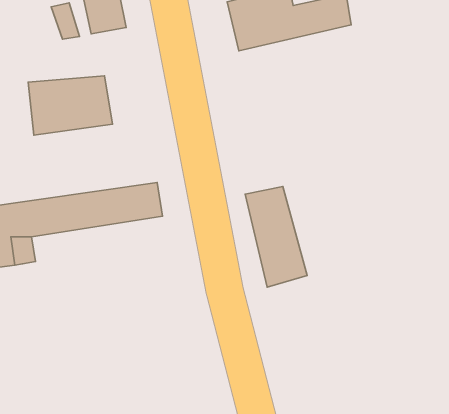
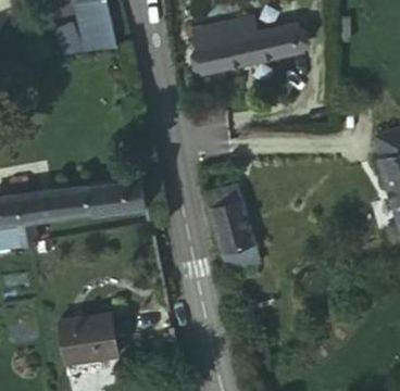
building: [28,76,112,135] -> none
building: none -> [55,321,113,367]

